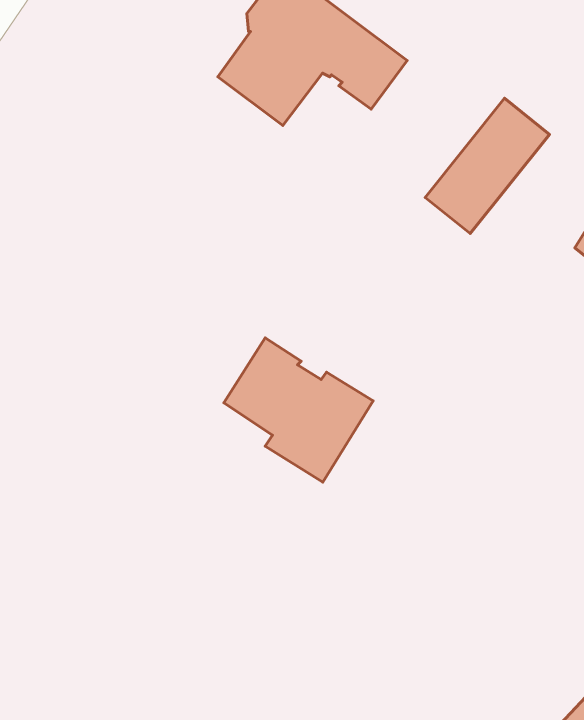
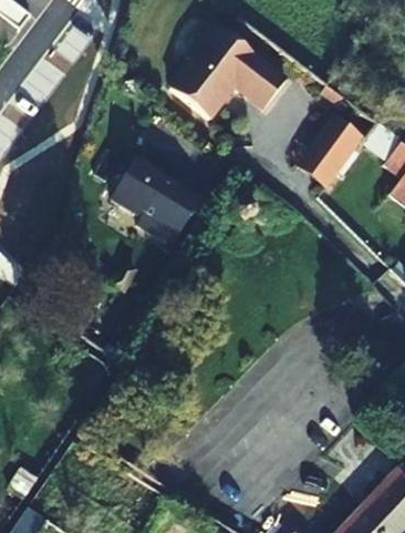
building: [224,338,373,482] -> [108,154,200,243]

